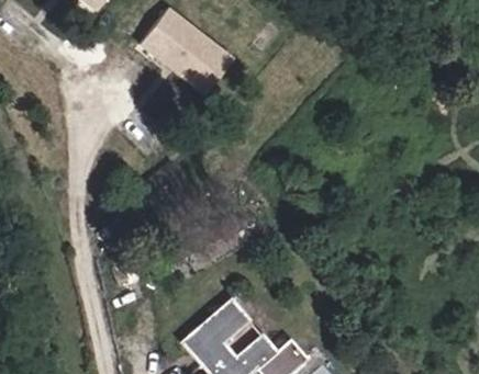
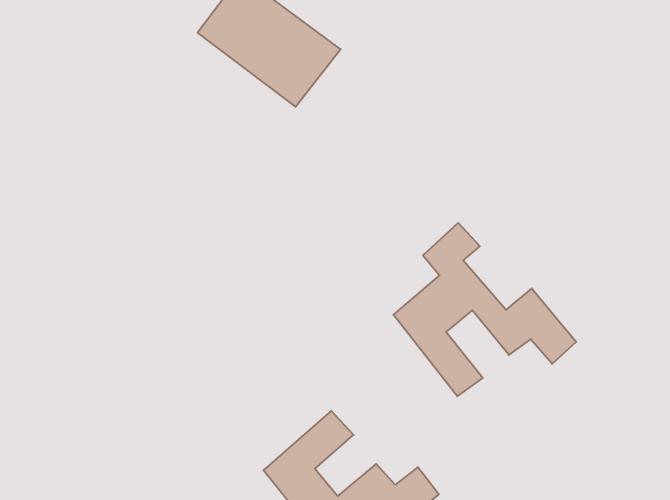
building: none -> [393,223,576,396]

